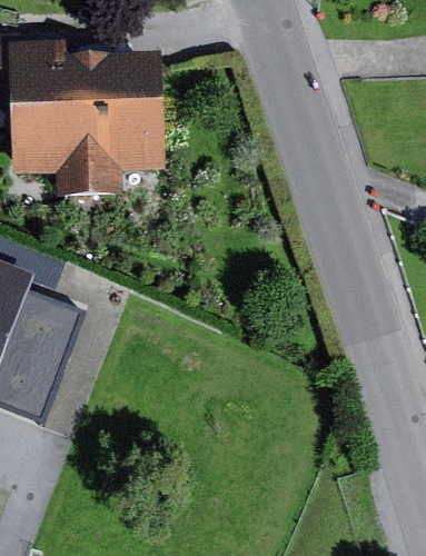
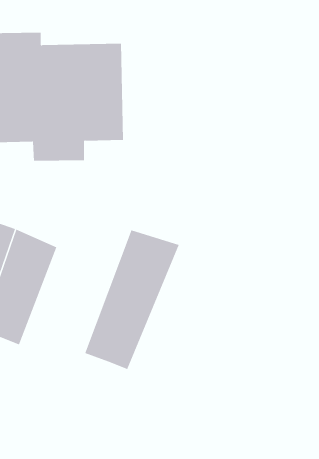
building: none -> [85,229,179,370]

